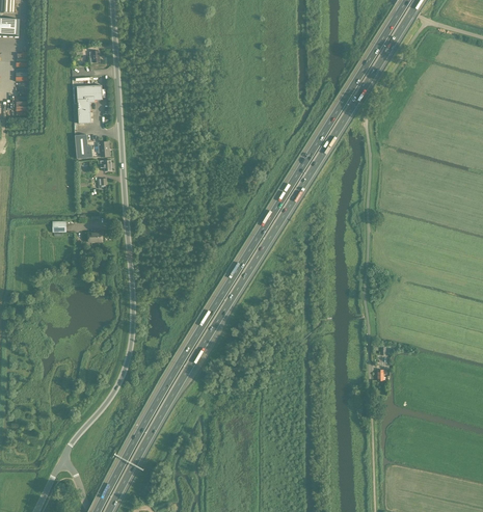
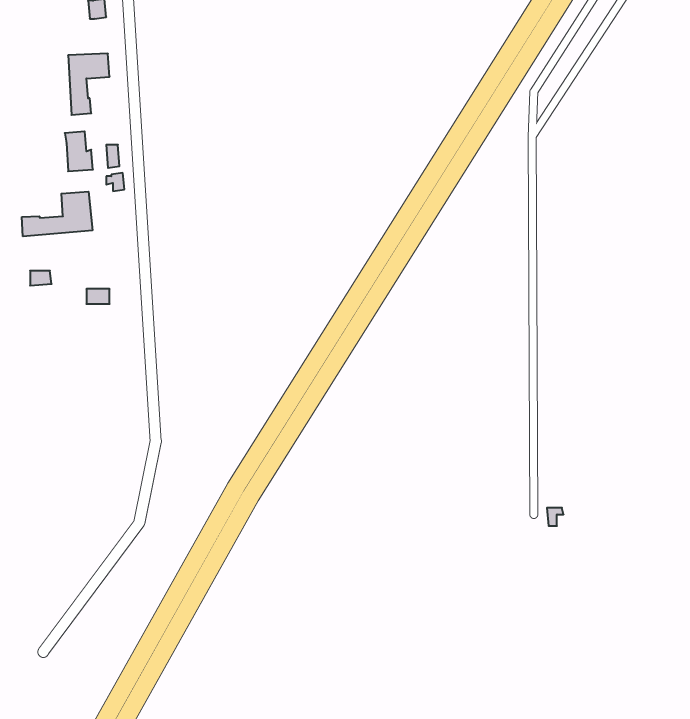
building: none -> [22,192,92,236]

